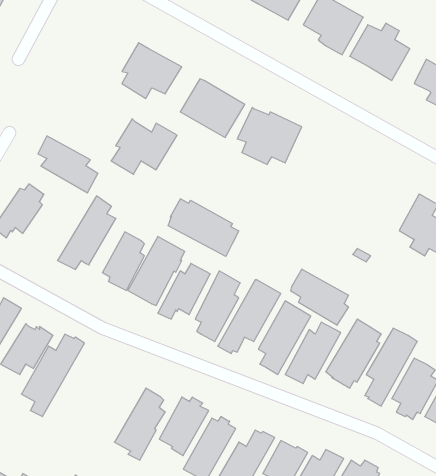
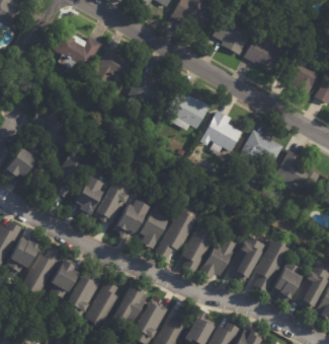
building: [111,119,177,174] -> [52,29,96,67]
building: none -> [201,109,243,153]
building: none -> [240,128,284,170]
building: [168,199,239,256] -> none
building: [291,269,348,325] -> none
building: none -> [49,258,79,297]
building: none -> [64,272,100,317]

